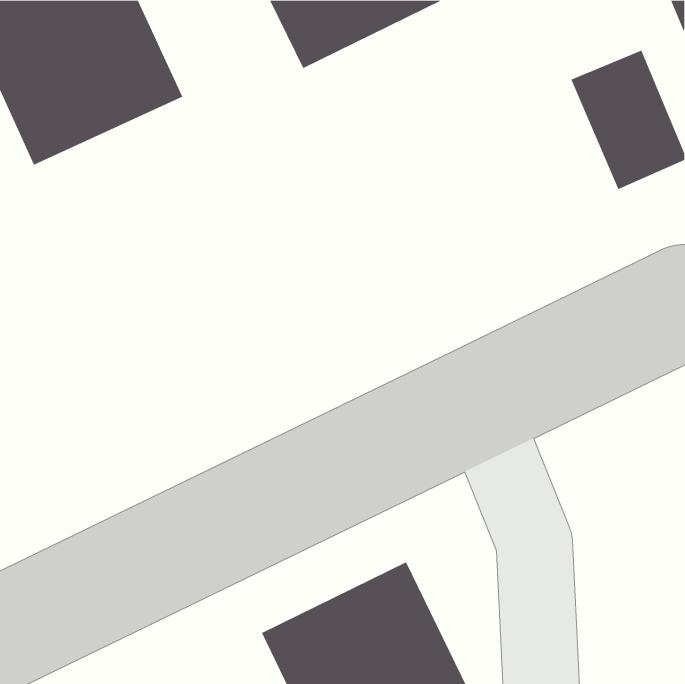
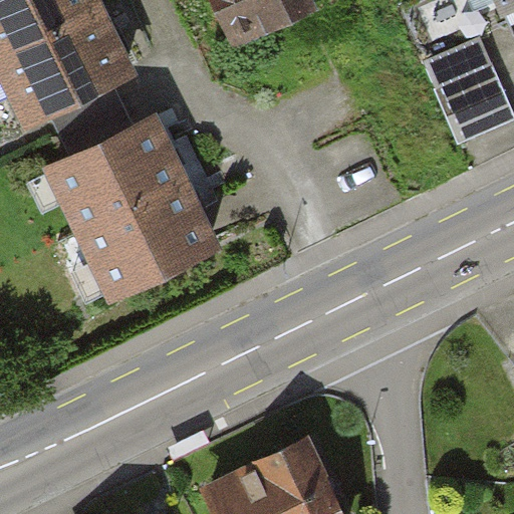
building: none -> [43,109,220,301]

